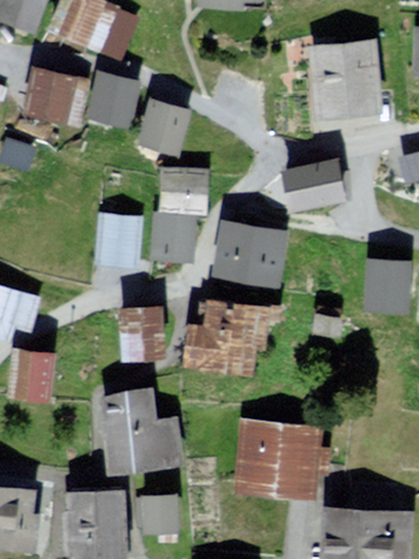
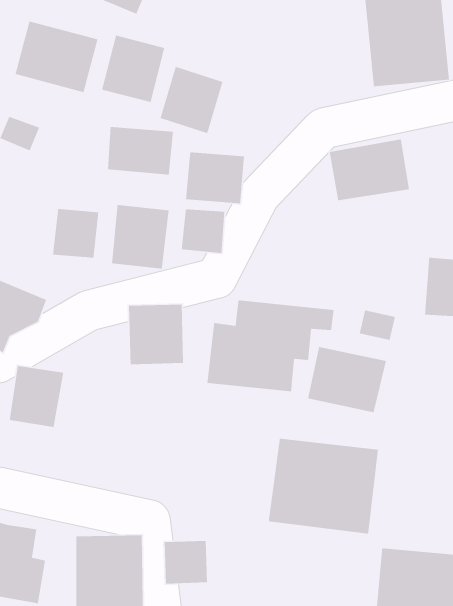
building: none -> [107,126,174,176]
building: none -> [52,208,99,259]
building: [220,228,288,285] -> [307,346,387,413]
building: [98,391,182,471] -> none

